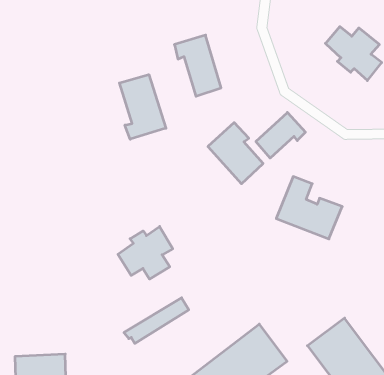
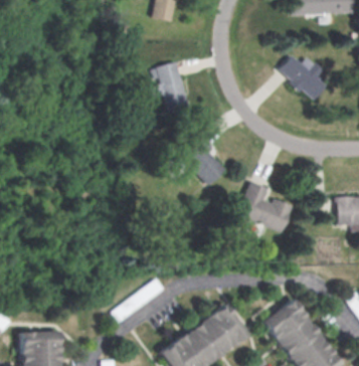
building: [119,75,166,139] -> none
building: [256,112,305,158] -> none
building: [118,226,173,279] -> none

